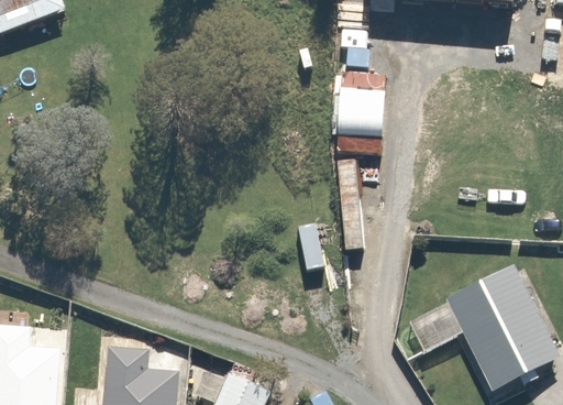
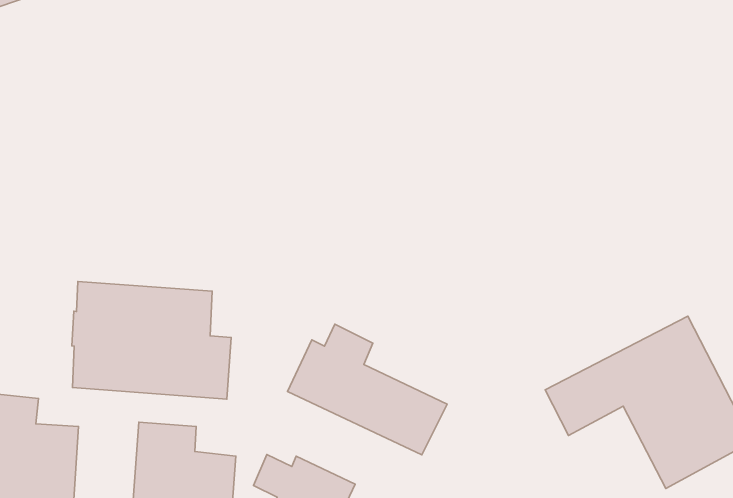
building: none -> [72,281,231,399]
building: none -> [288,324,447,455]

